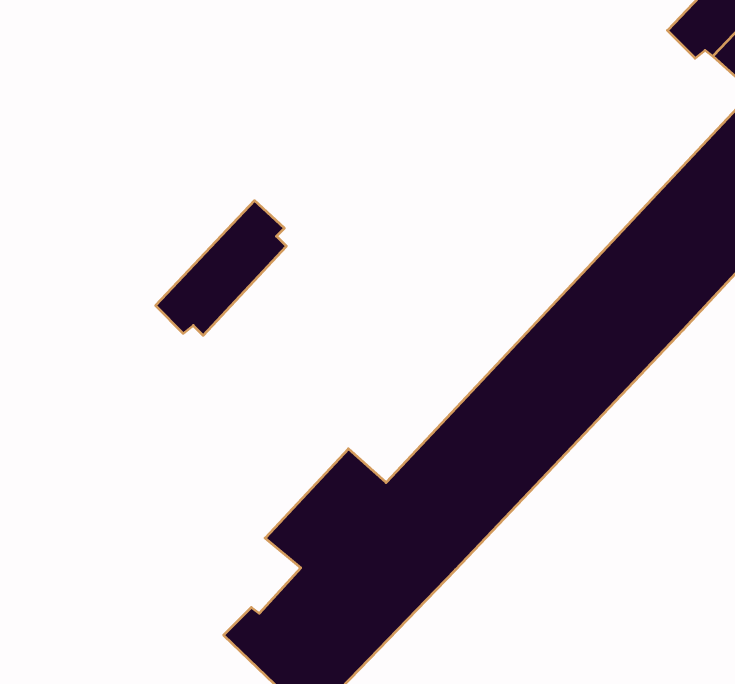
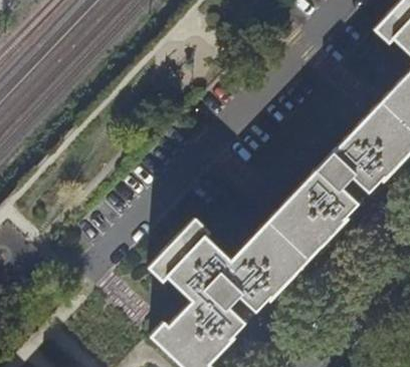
building: [156,201,286,335] -> [147,218,213,286]

